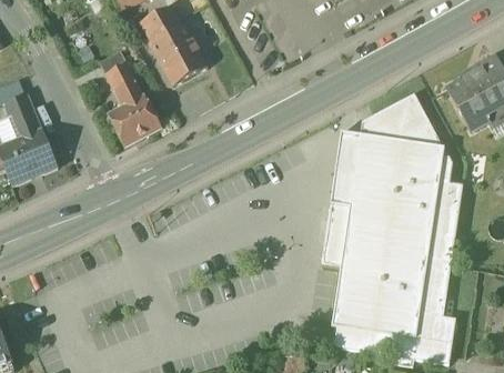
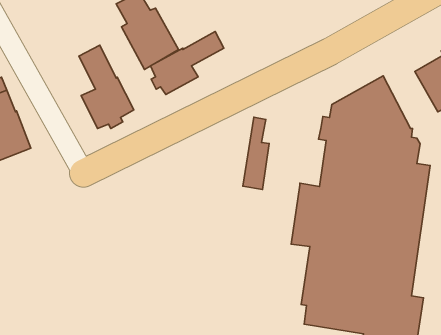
building: none -> [151,32,224,94]
building: [330,131,356,204] -> [243,117,269,189]

